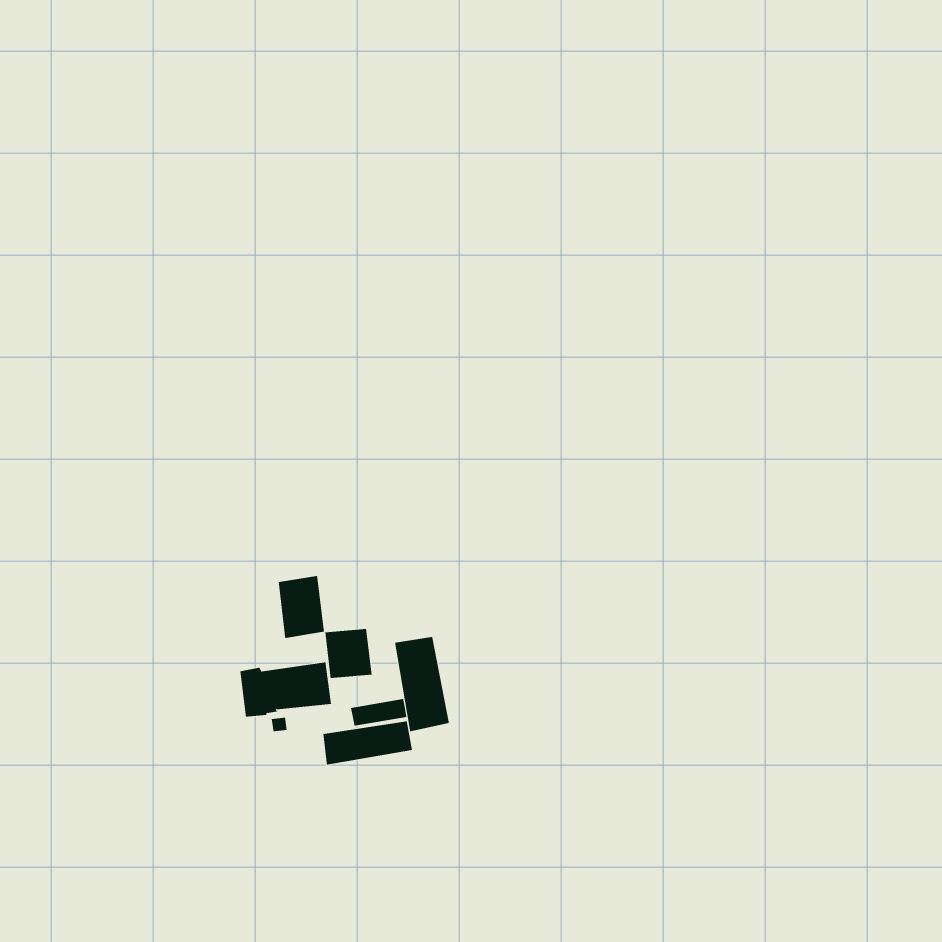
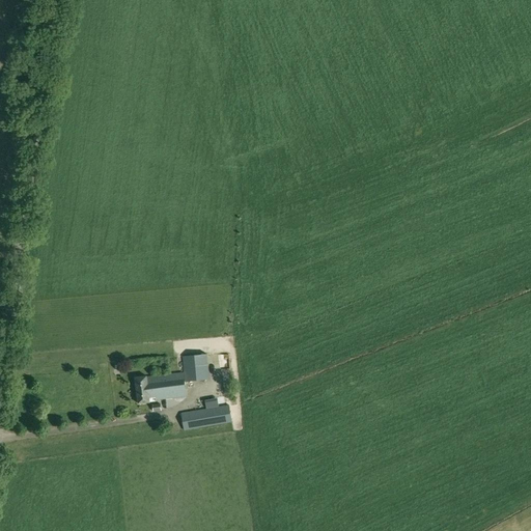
building: [278,575,324,639] -> none
building: [395,636,449,732] -> none

